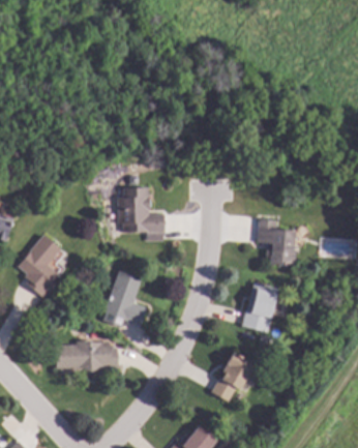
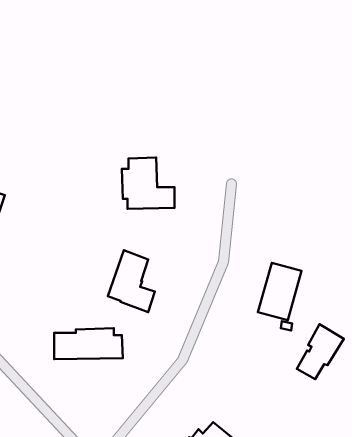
building: [257,219,296,266] -> none
building: [16,235,60,299] -> none
building: [211,353,253,402] -> [297,324,344,379]

